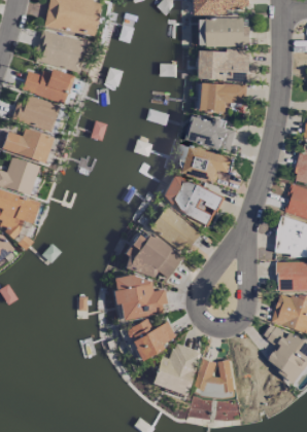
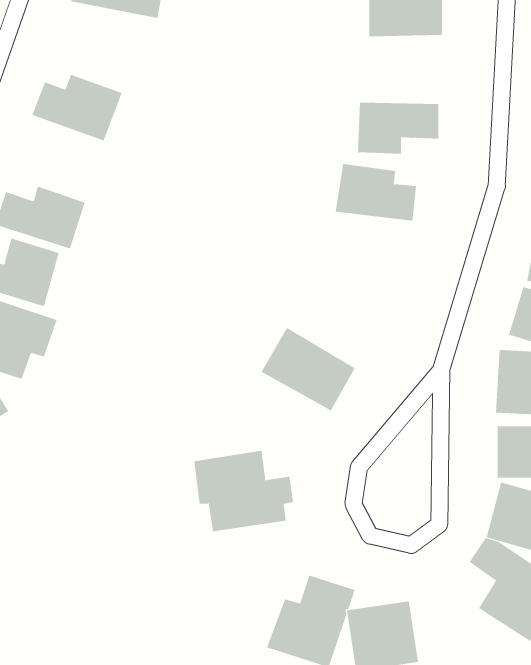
building: [34,31,84,73] -> none
building: [199,49,249,80] -> none
building: [11,93,57,133] -> none
building: [183,146,233,181] -> none
building: [170,179,223,223] -> none
building: [122,233,181,281] -> none
building: [124,319,174,361] -> none

